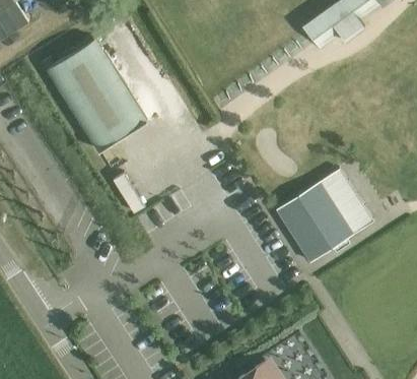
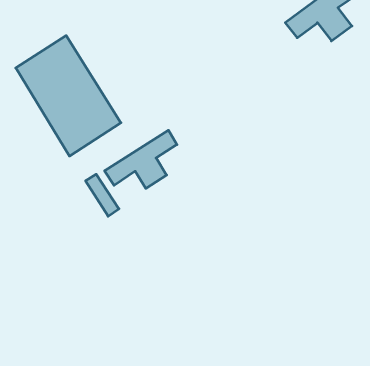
building: none -> [105,130,177,188]
building: [277,170,373,262] -> none

